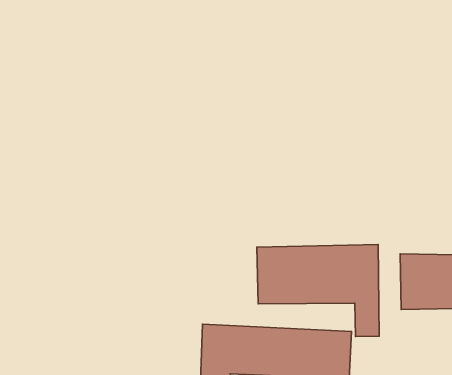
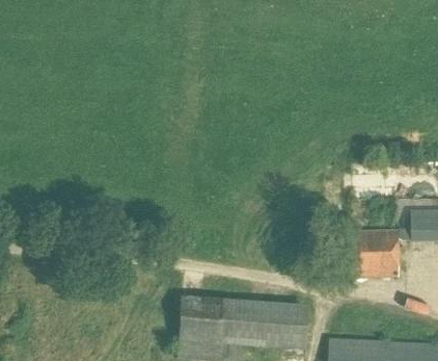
building: [257,245,379,336] -> none

